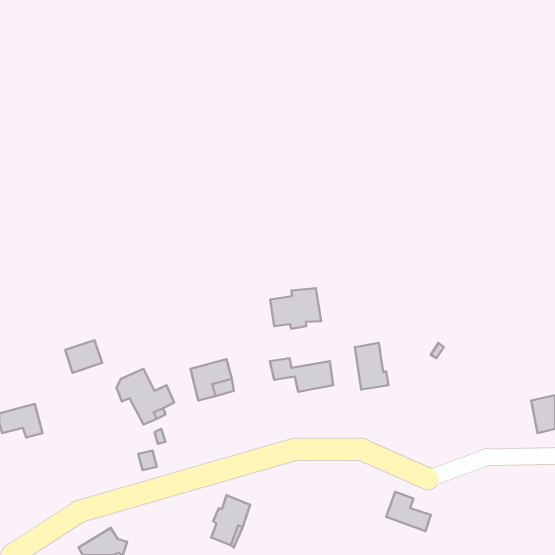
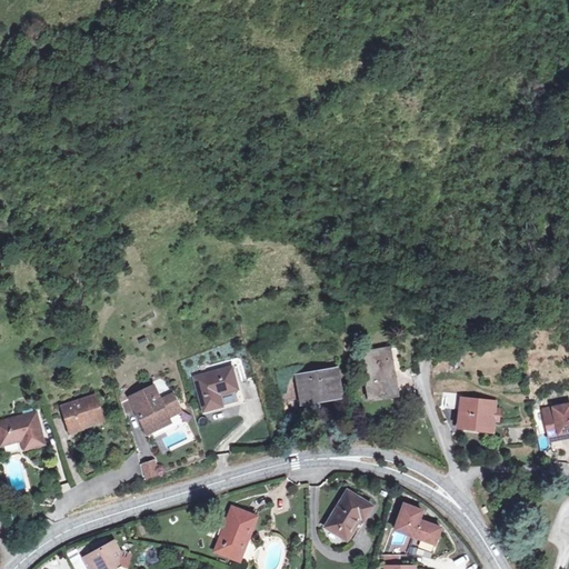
building: [270,288,321,329] -> none
building: [65,340,102,373] -> [63,396,101,429]
building: none -> [459,399,492,427]
building: none -> [326,490,372,540]

